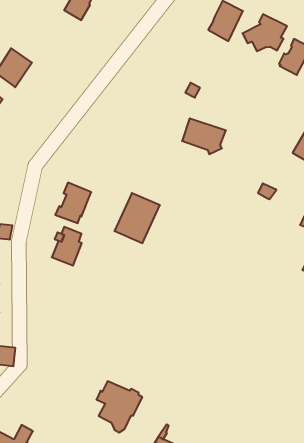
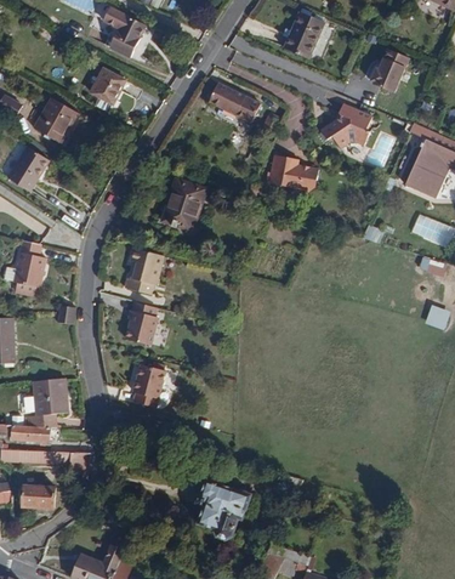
building: [242,14,287,51] -> [322,104,374,149]
building: none -> [91,67,124,101]
building: none -> [207,85,258,118]
building: [114,193,160,243] -> [158,177,209,235]
building: none -> [131,364,164,408]

